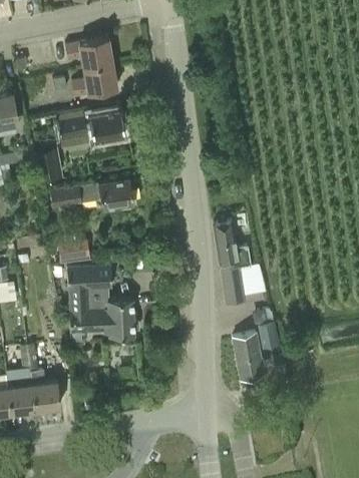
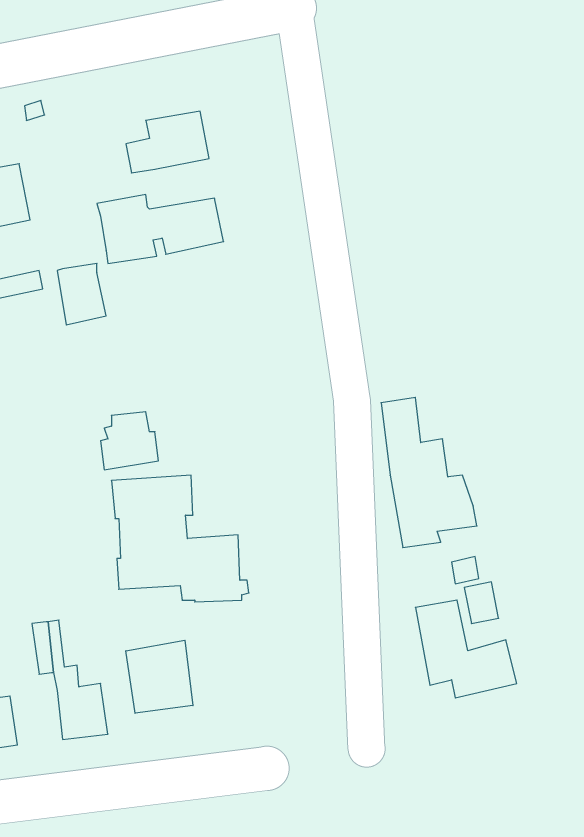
building: [65,37,113,68] -> none
building: [51,177,134,209] -> none
building: none -> [126,640,193,713]
building: [8,384,37,414] -> none

